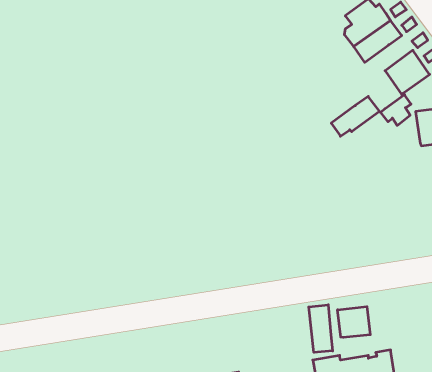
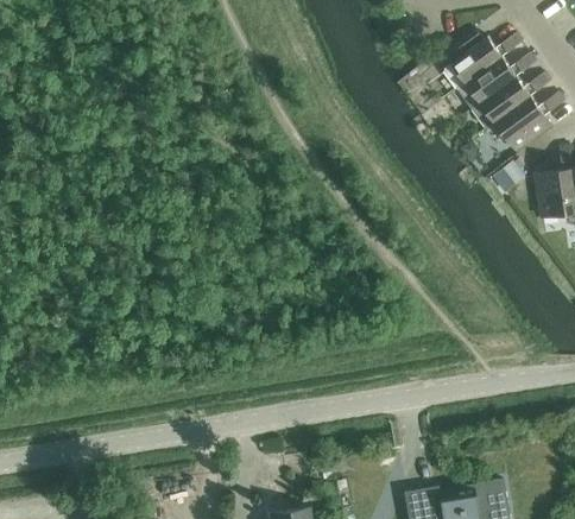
building: [331,96,379,136] -> [470,76,532,127]
building: [309,305,333,352] -> none
building: [338,307,370,337] -> none

